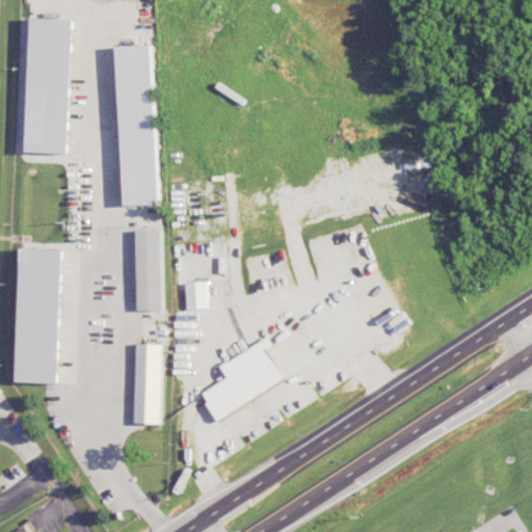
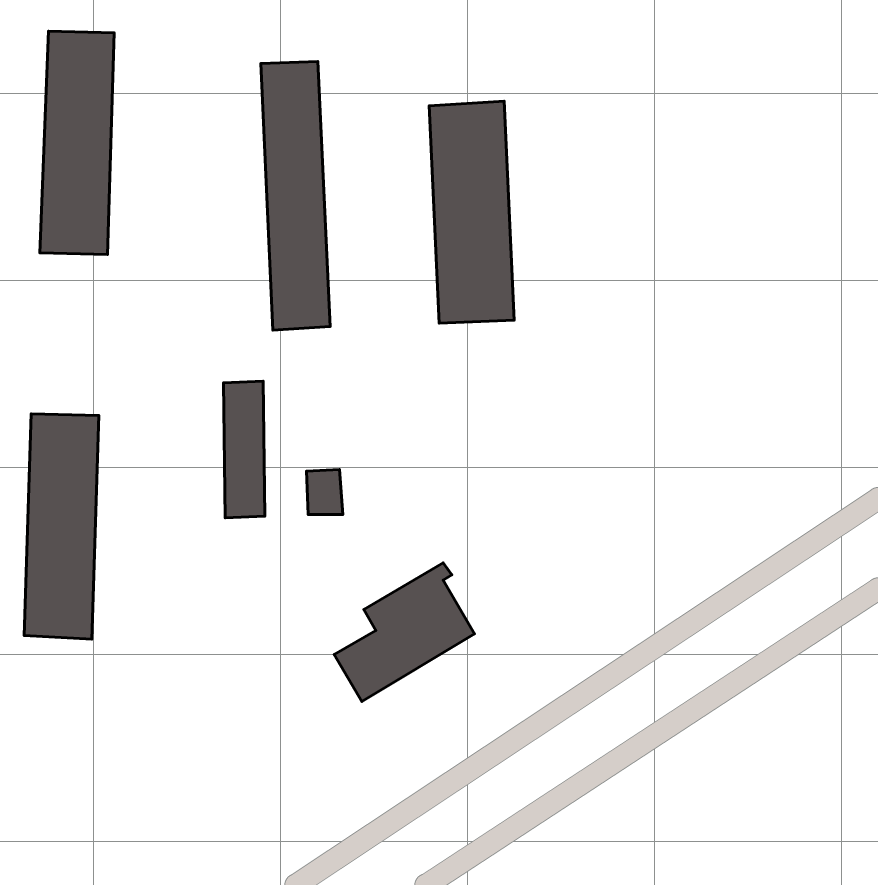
building: [114,45,156,206] -> [261,62,330,330]
building: none -> [429,101,514,323]
building: [133,343,160,424] -> none

